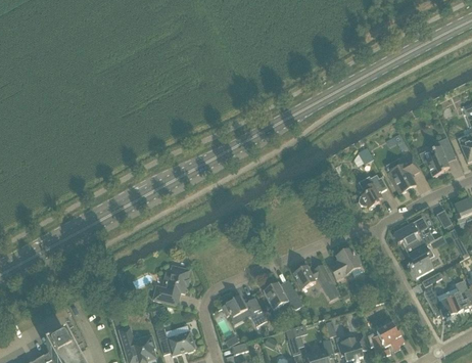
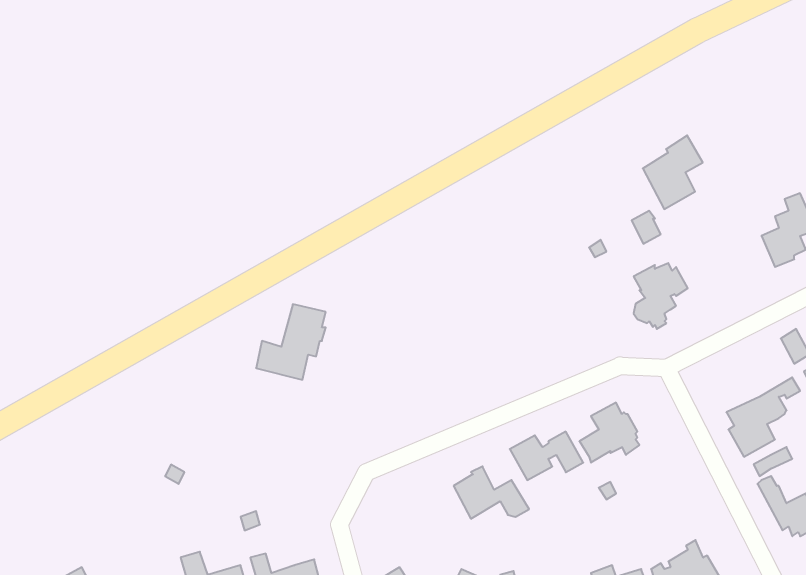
building: [387,154,419,193] -> [643,135,703,209]
building: [392,216,427,253] -> none
building: [152,265,189,305] -> [256,304,326,380]
building: [221,297,266,325] -> none

